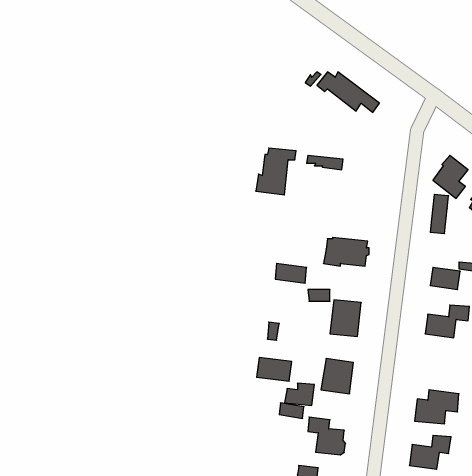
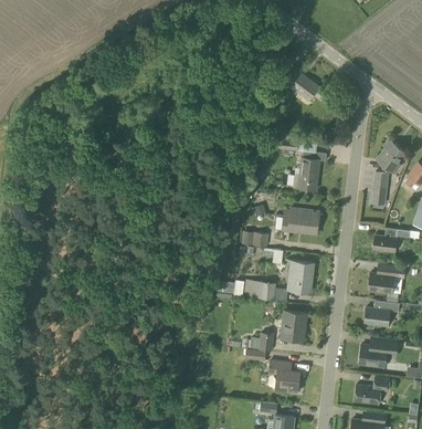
building: [256,148,296,195] -> [293,150,327,190]
building: none -> [363,302,399,328]
building: [257,358,292,381] -> [246,280,276,300]

